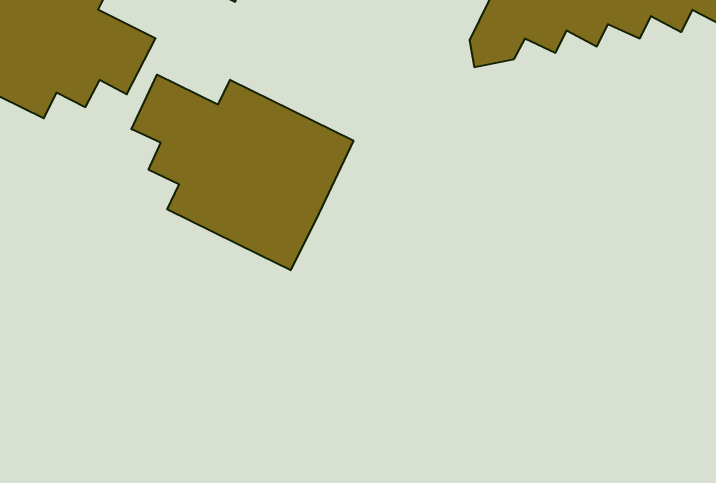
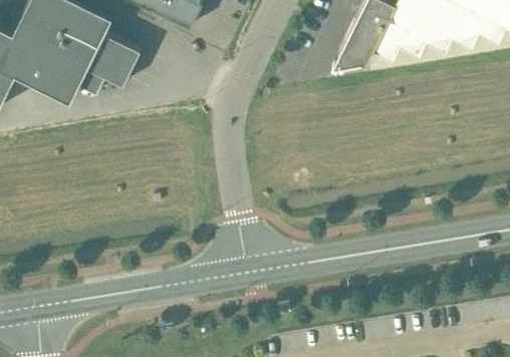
building: [131,75,353,270] -> none

